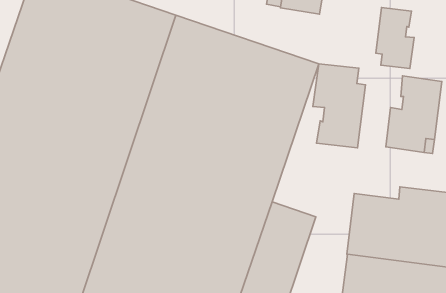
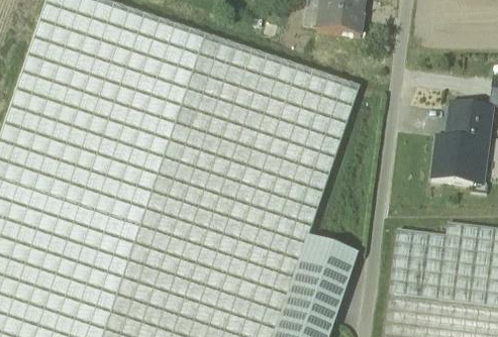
building: [376,8,414,69] -> none
building: [313,64,366,148] -> none

